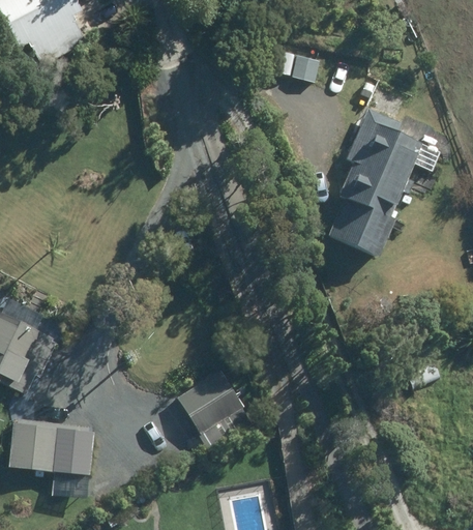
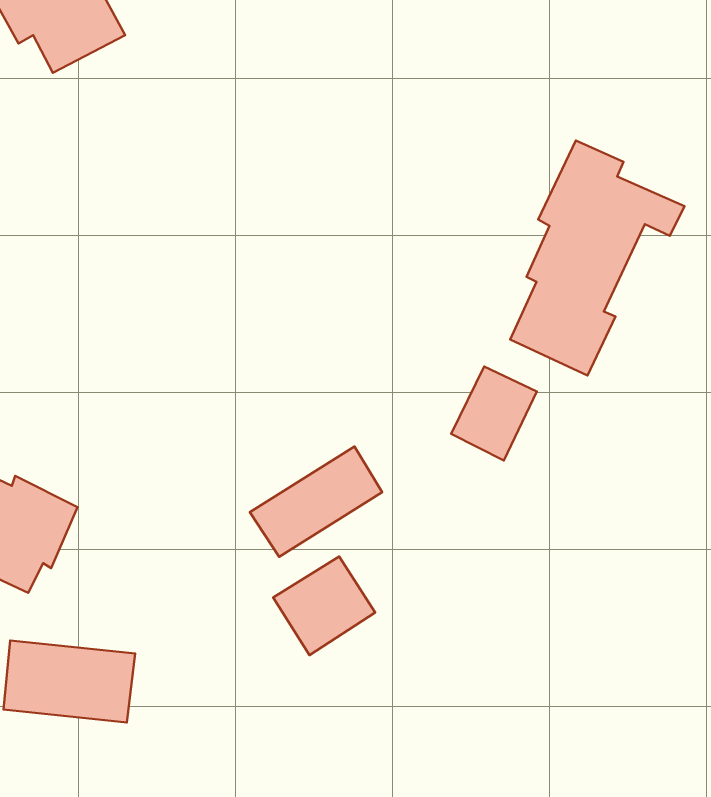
building: none -> [451,367,537,460]
building: none -> [250,446,382,557]

